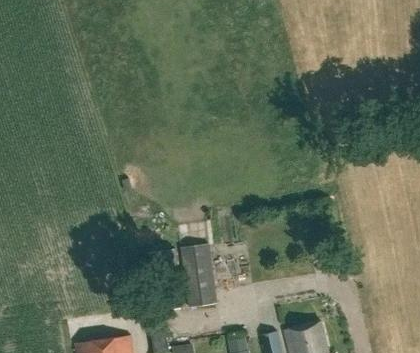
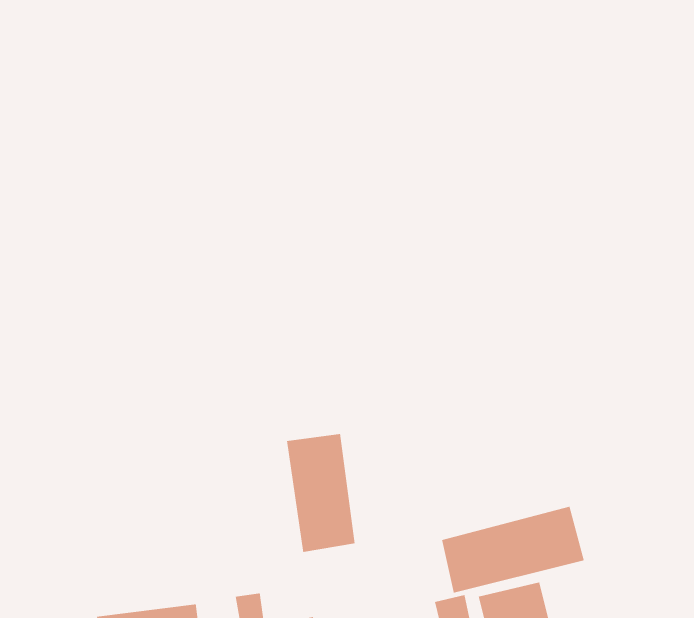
building: none -> [442,506,584,594]

